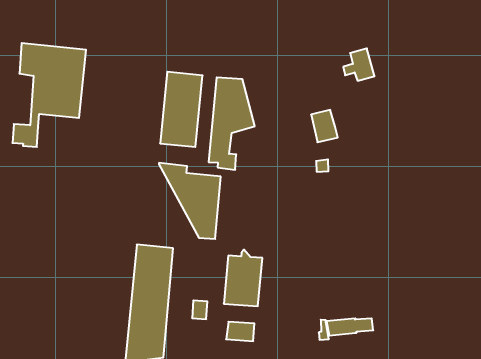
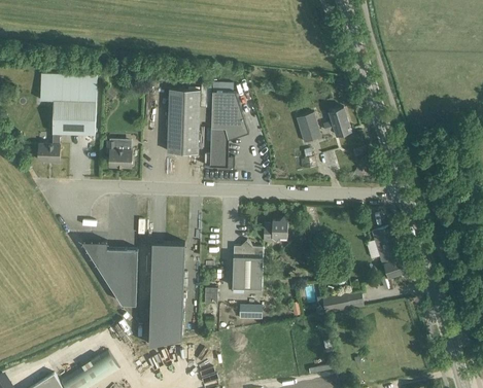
building: [343,48,375,81] -> [323,108,351,137]
building: none -> [107,139,132,168]
building: [159,163,221,239] -> [82,242,137,305]
building: none -> [264,218,287,241]
building: none -> [372,226,405,278]

